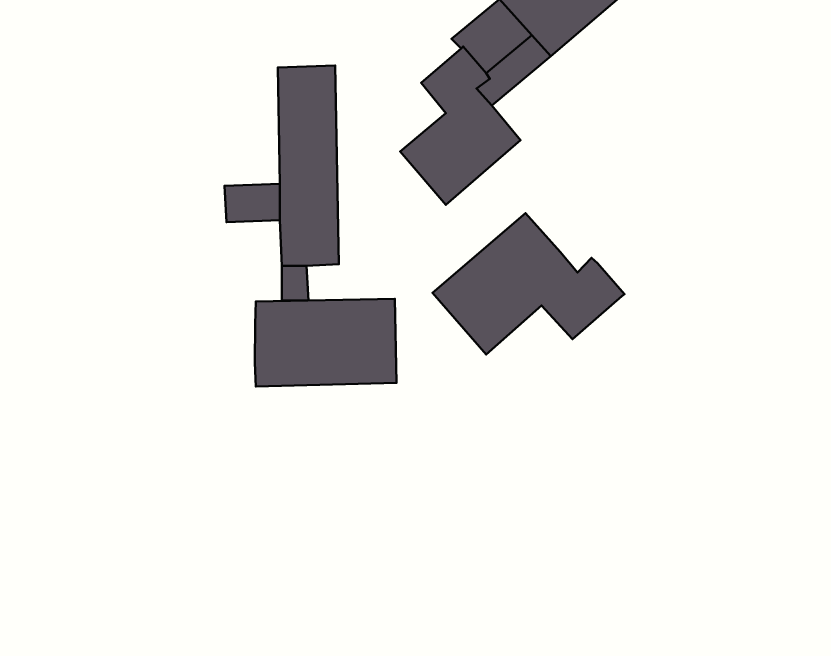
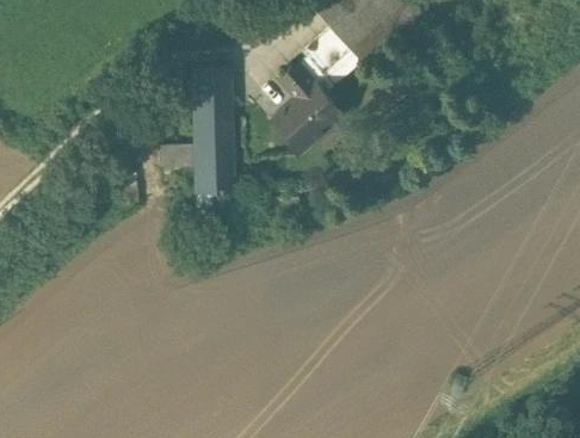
building: [432,213,624,355] -> none
building: [255,299,396,387] -> none

